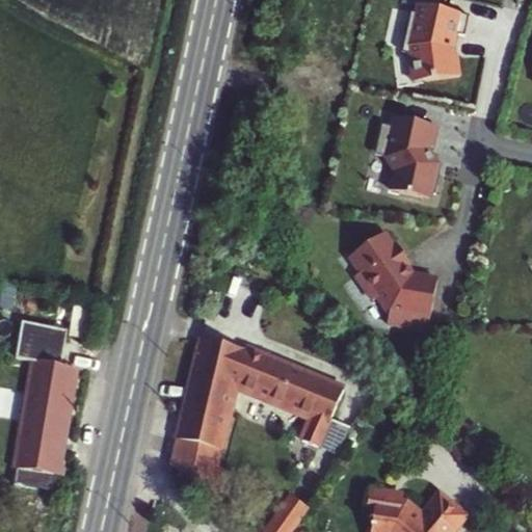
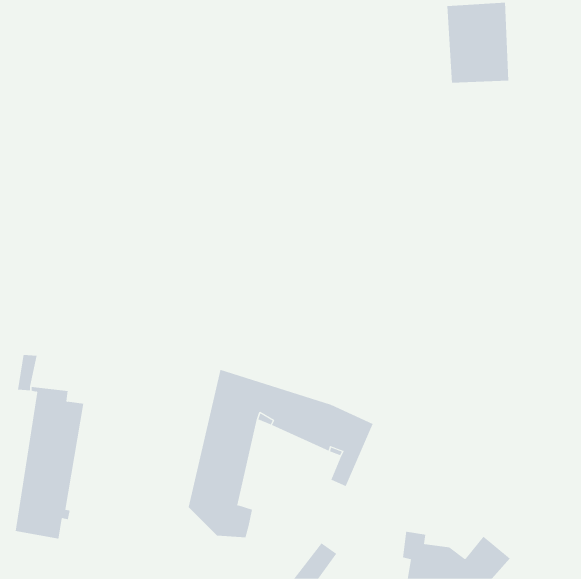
building: [368,116,441,200] -> none
building: [349,230,434,334] -> none
building: [28,324,68,356] -> none

